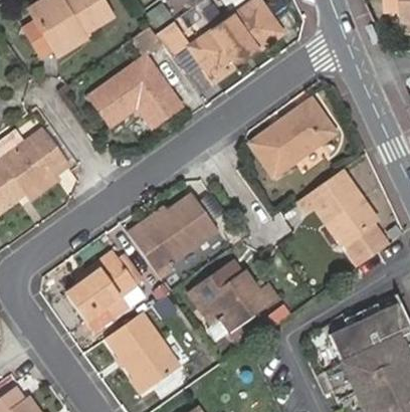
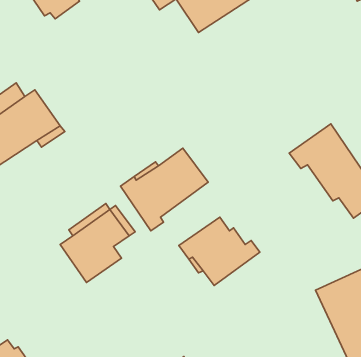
building: [83,49,171,119] -> none
building: [255,101,343,183] -> none
building: [104,315,180,396] -> none

